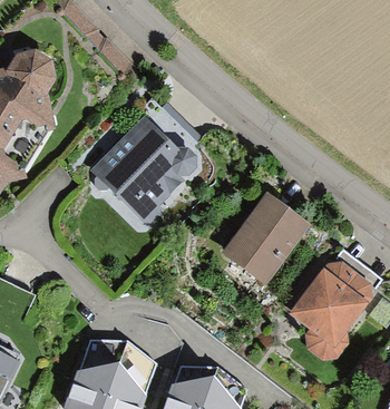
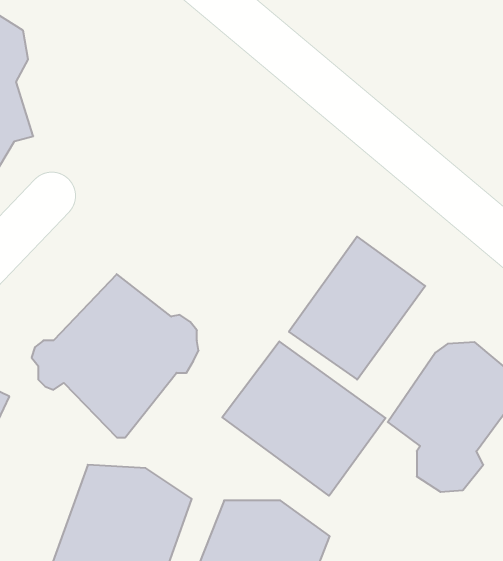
building: [87,115,196,222] -> [32,274,199,437]
building: none -> [222,341,386,496]

